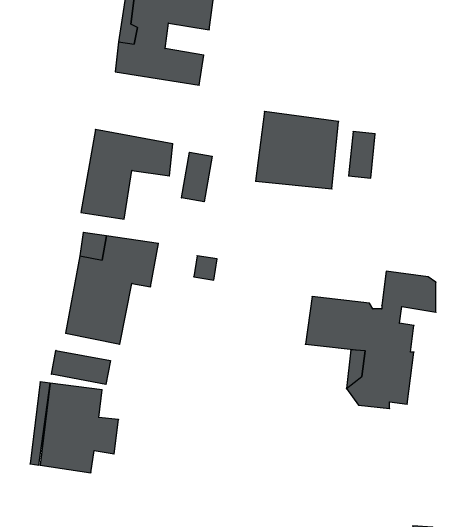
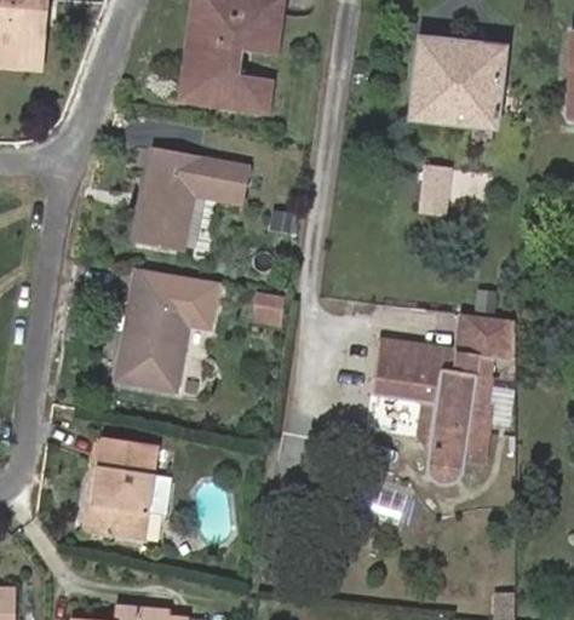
building: [256,111,339,189] -> [417,35,507,120]
building: [182,152,212,202] -> none
building: [51,350,110,384] -> none

